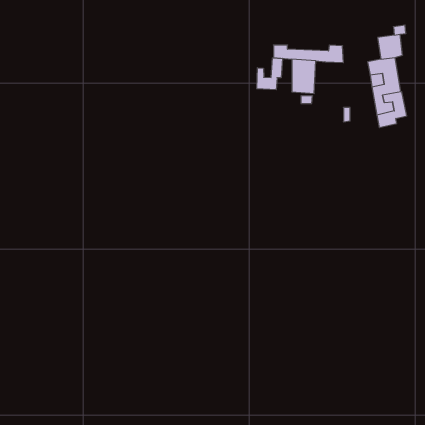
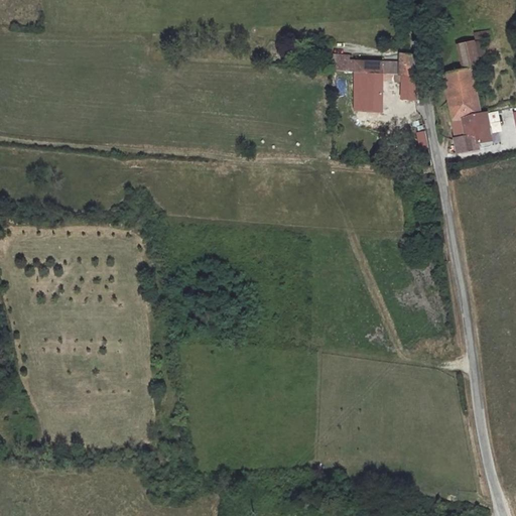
building: [257,58,283,90] -> none
building: none -> [393,75,415,99]

